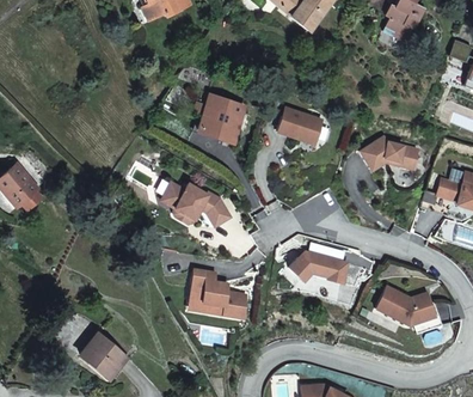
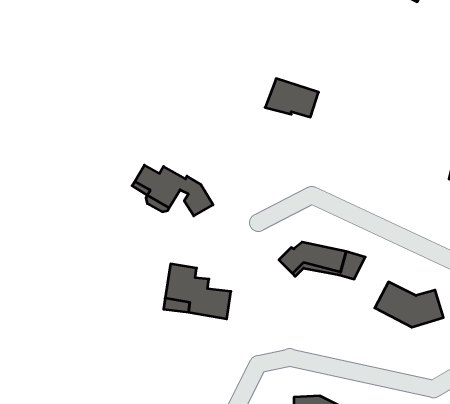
building: [197,96,246,143] -> none
building: [361,138,419,171] -> none
building: [81,330,129,379] -> none

